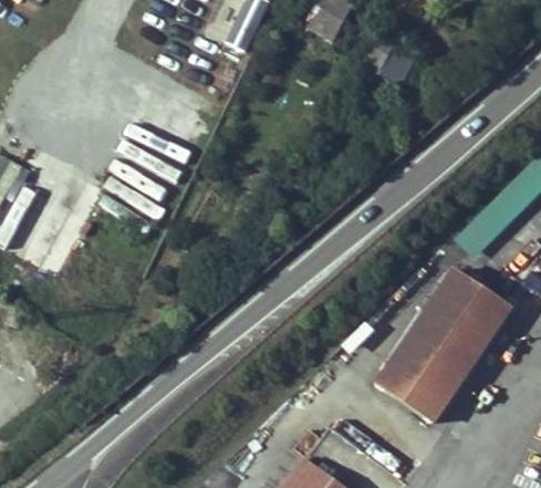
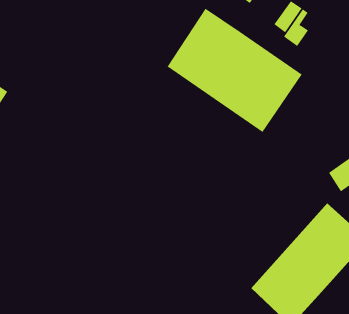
building: none -> [167,8,302,133]

